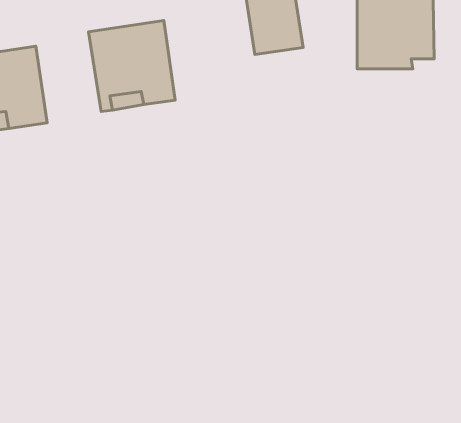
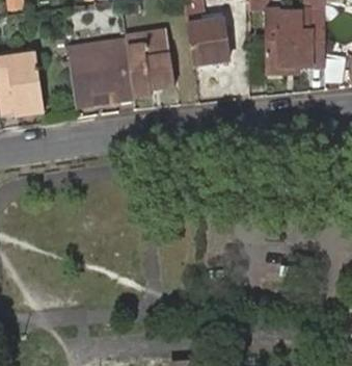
building: none -> [125,29,175,98]

